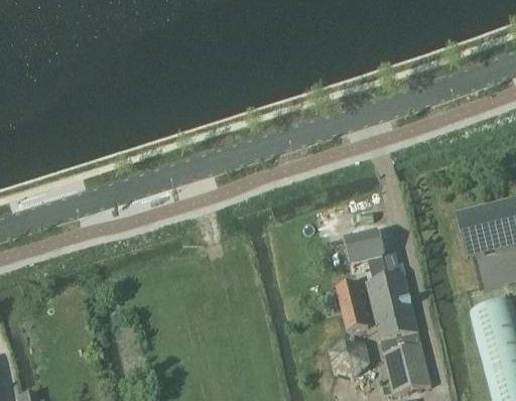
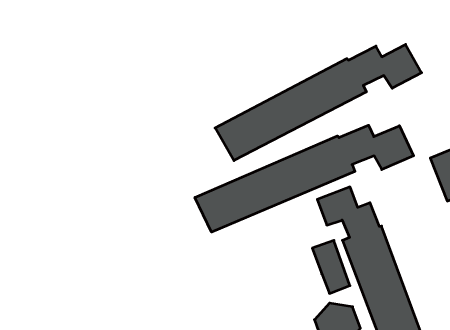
building: none -> [215,44,422,161]
building: none -> [195,125,414,232]

